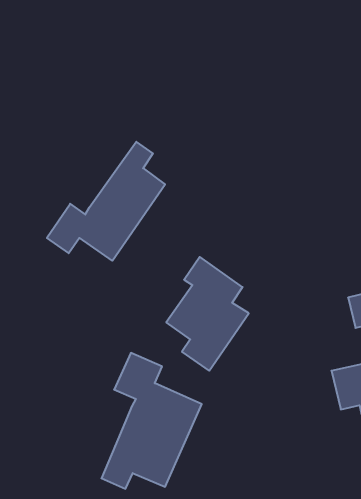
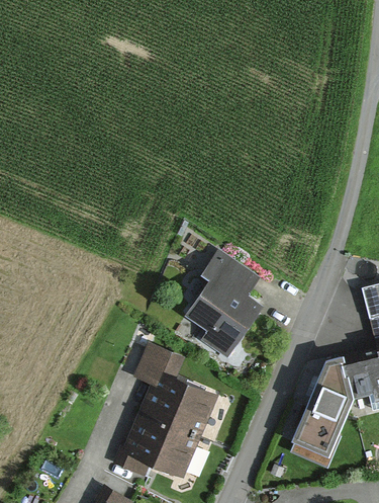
building: [47,142,165,261] -> none
building: none -> [289,354,353,470]

